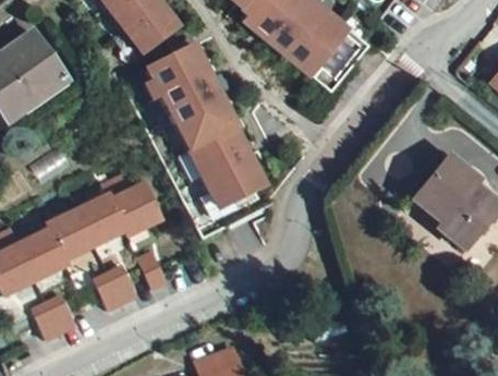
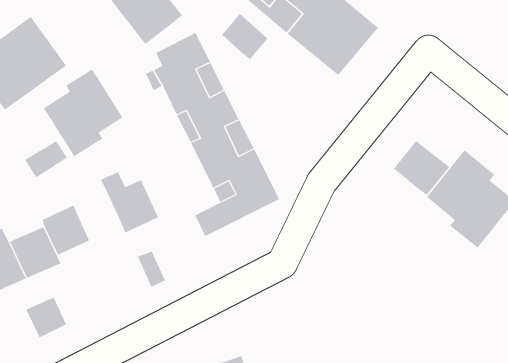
building: none -> [221,13,268,60]
building: none -> [43,68,123,157]
building: none -> [393,140,450,196]
building: [77,195,123,242] -> none
building: [94,266,134,307] -> none

